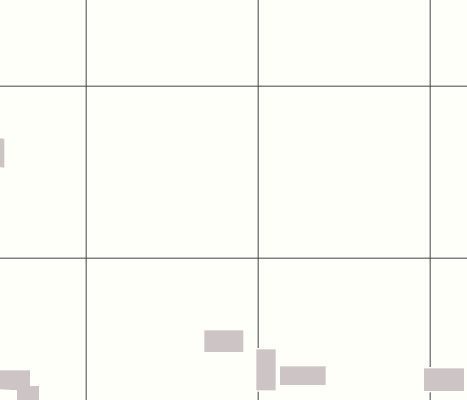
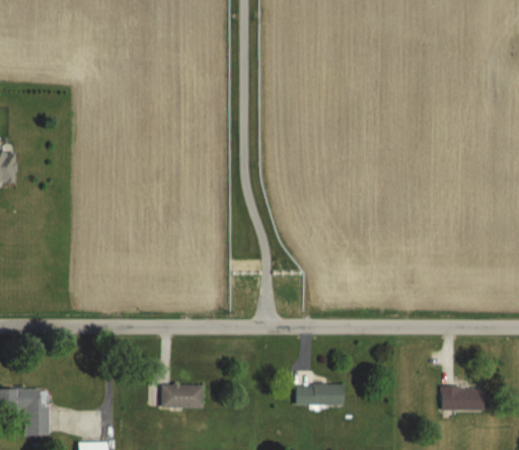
building: [204,330,244,353] -> [161,384,203,407]
building: [256,349,276,391] -> none

